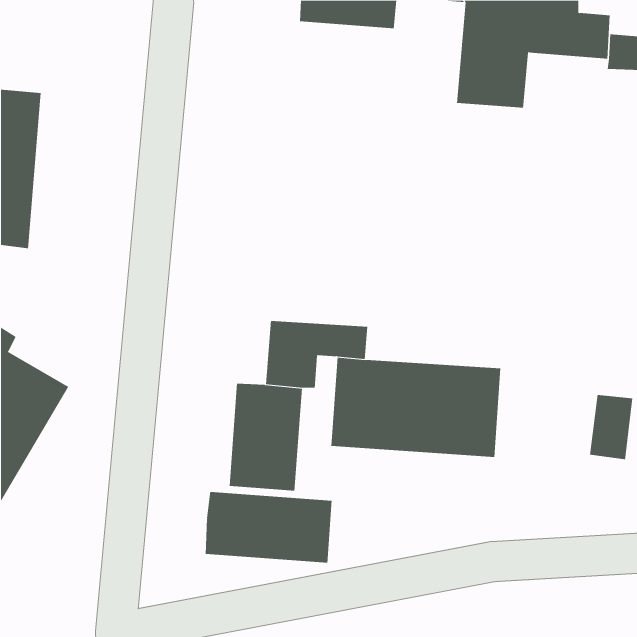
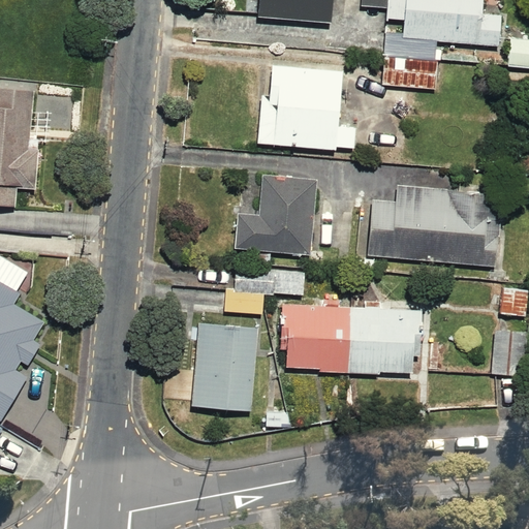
building: none -> [252,62,359,148]
building: none -> [227,180,313,254]
building: none -> [361,184,501,266]
building: [205,491,332,564] -> none

